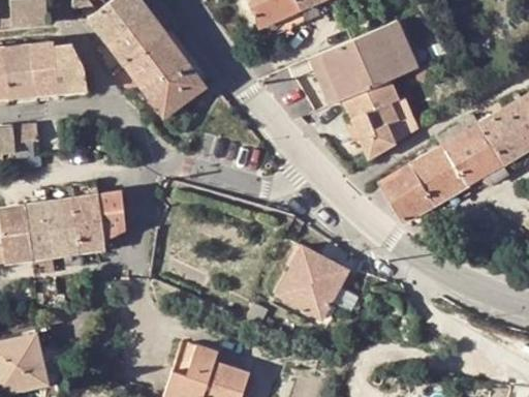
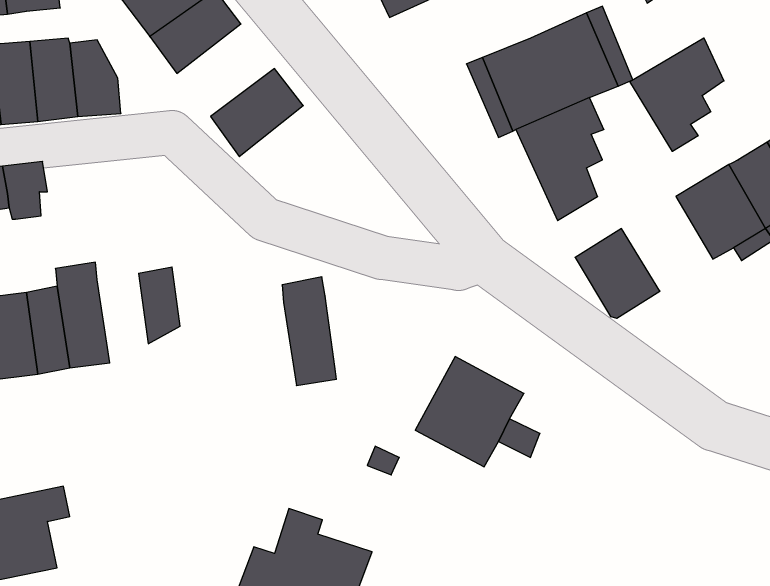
building: [123,32,186,92] -> none
building: none -> [630,38,724,151]
building: [410,144,469,205] -> none
building: [70,181,105,251] -> [282,277,336,386]

